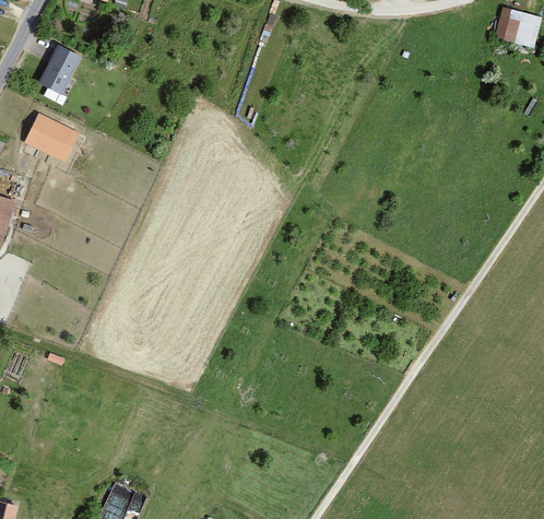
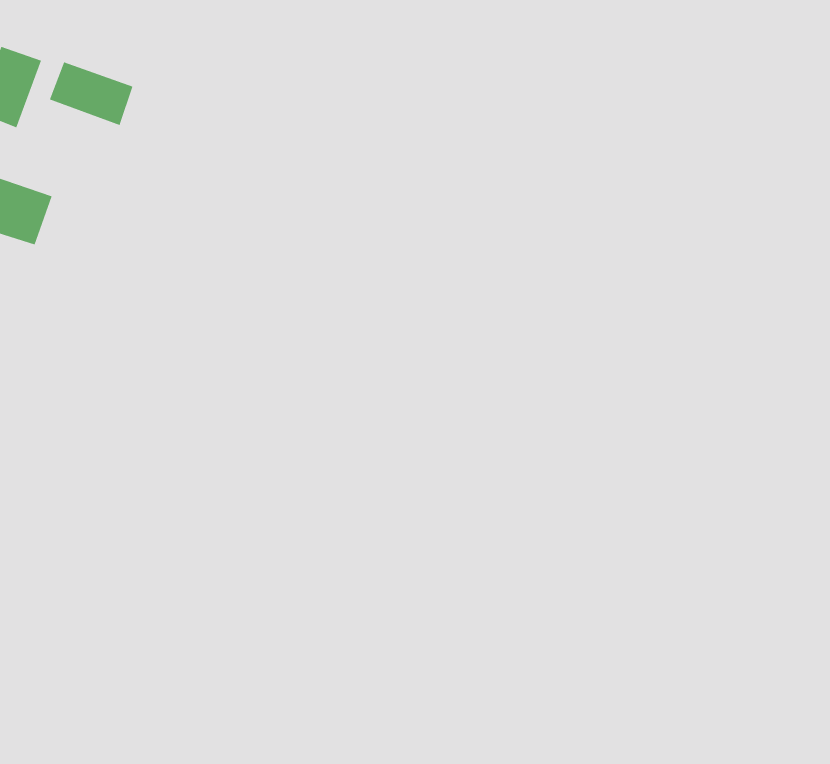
building: none -> [49,62,133,126]

